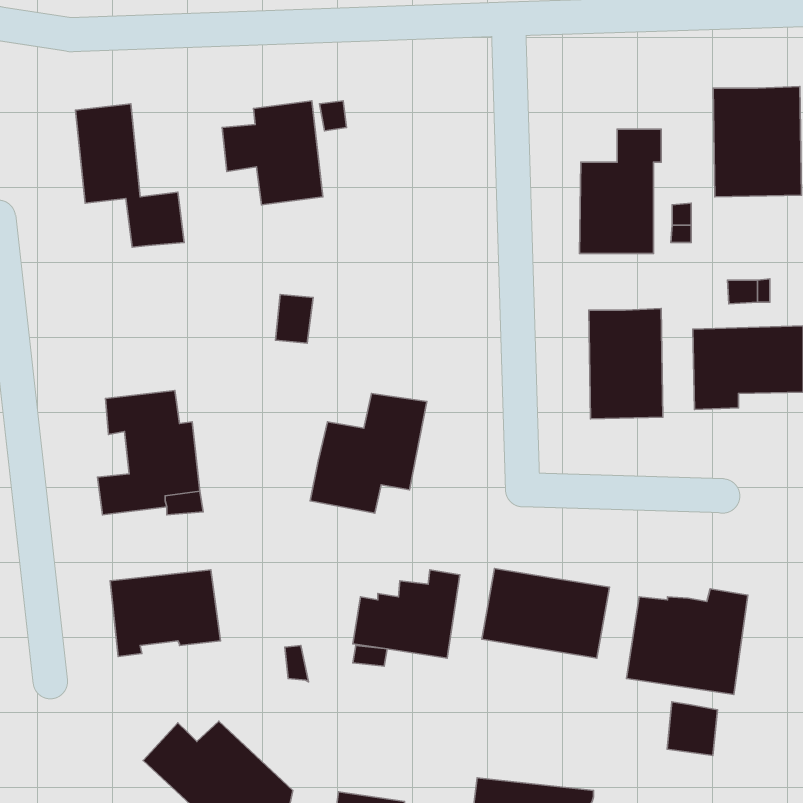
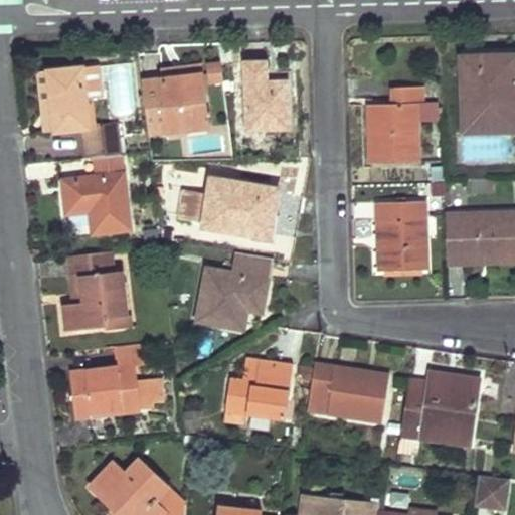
building: none -> [244,62,288,128]
building: none -> [62,155,131,235]
building: none -> [203,179,278,237]
building: [667,702,718,755] -> [476,475,508,509]

